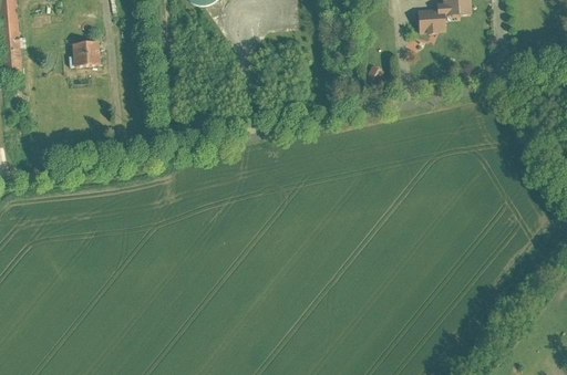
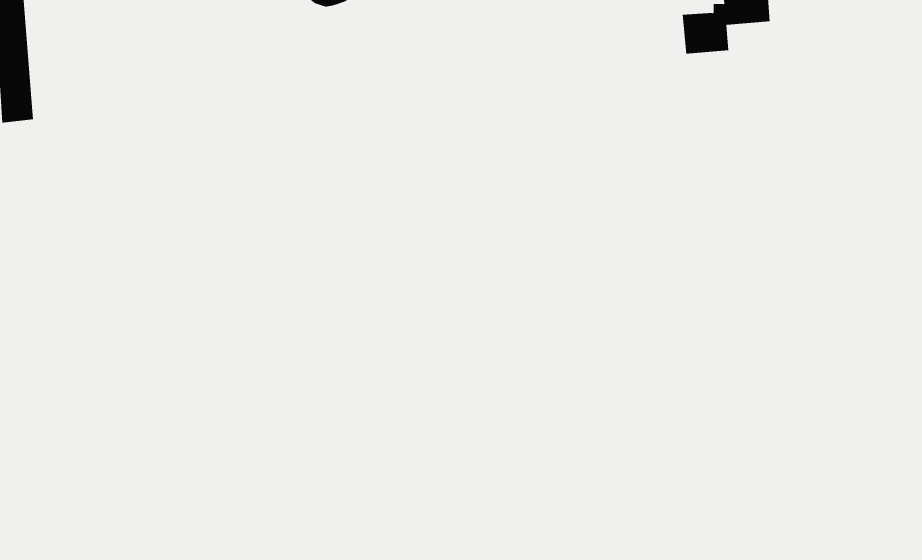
building: [72,42,101,67] -> none

